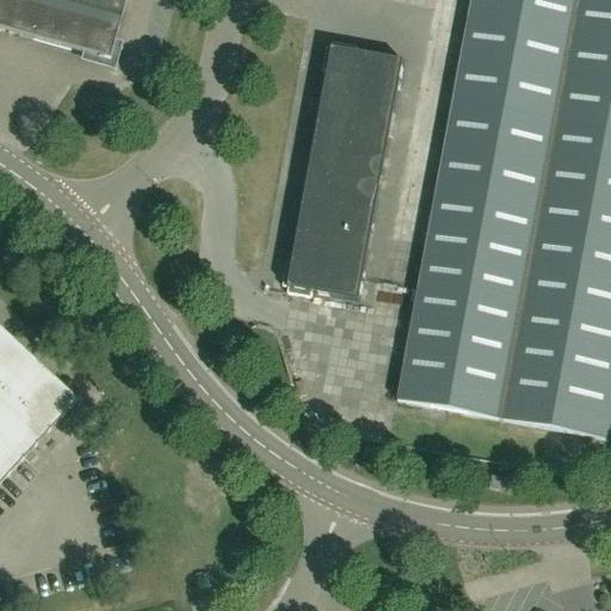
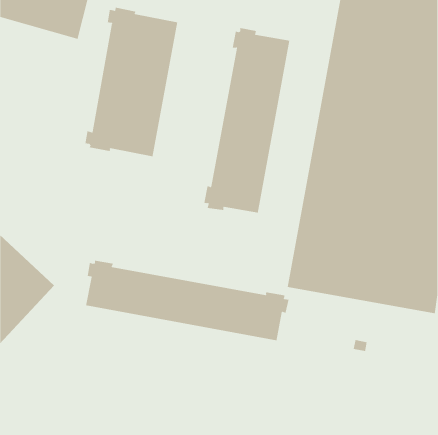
building: none -> [85,7,178,157]
building: none -> [85,260,289,341]

